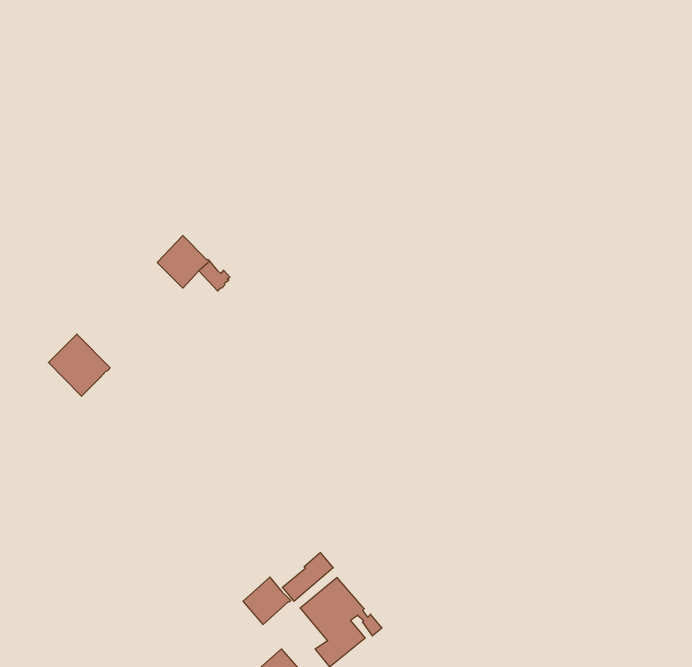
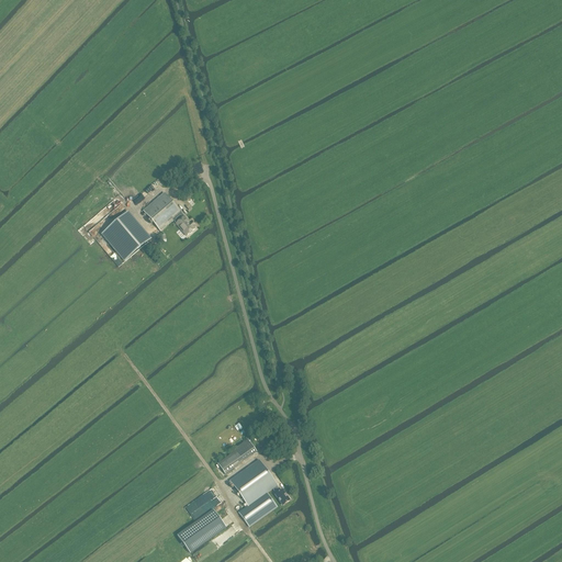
building: [48,334,110,396] -> [102,212,148,259]
building: [243,577,291,624] -> none

